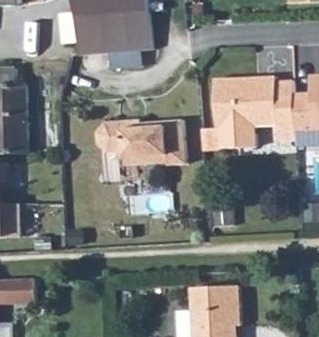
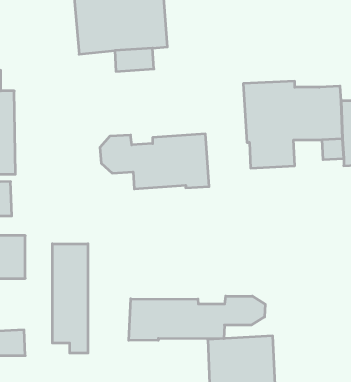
building: none -> [52,244,88,353]
building: none -> [129,296,265,340]

